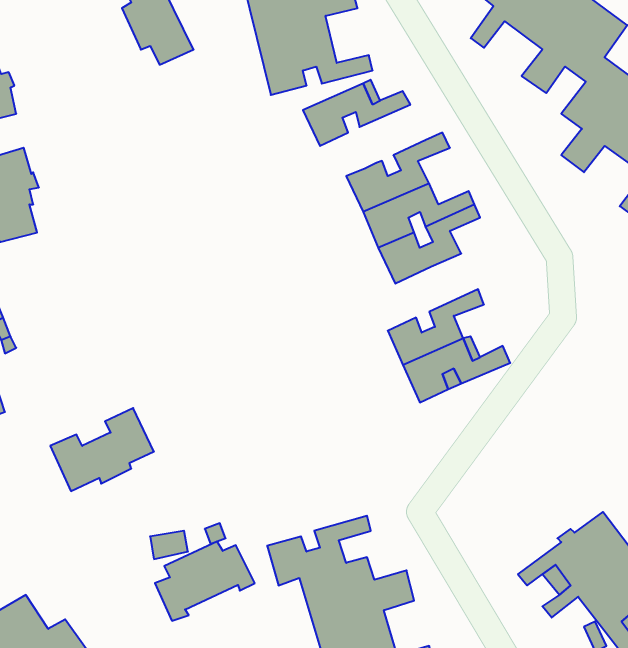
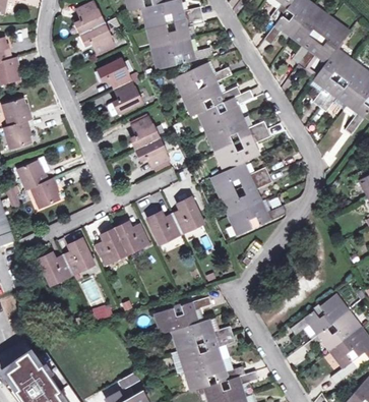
building: none -> [99,58,142,116]
building: none -> [183,74,240,116]
building: none -> [131,116,169,168]
building: none -> [18,161,59,209]
building: none -> [210,162,268,196]
building: none -> [147,197,202,242]
building: [155,541,255,621] -> [96,222,149,265]

